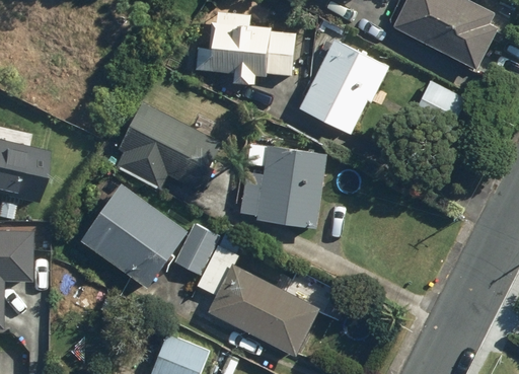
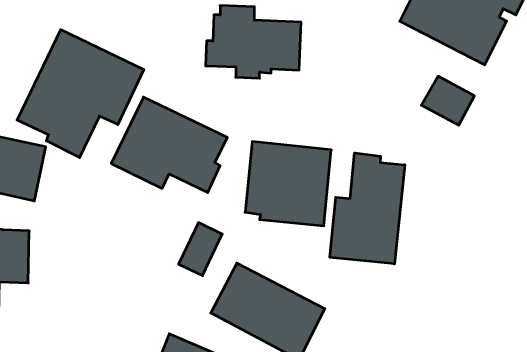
building: none -> [17,30,144,158]
building: [298,39,389,135] -> none
building: none -> [330,153,405,264]
building: [79,183,188,289] -> none

